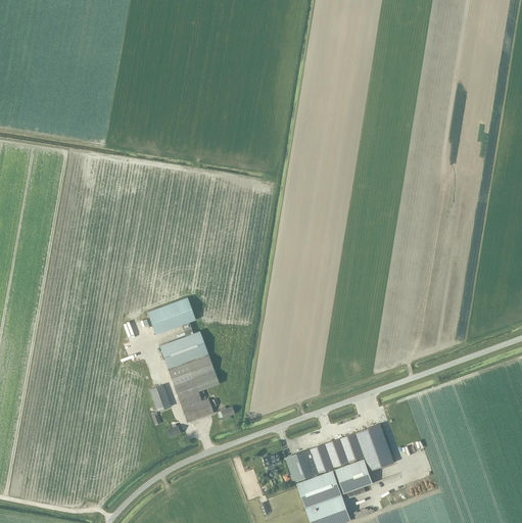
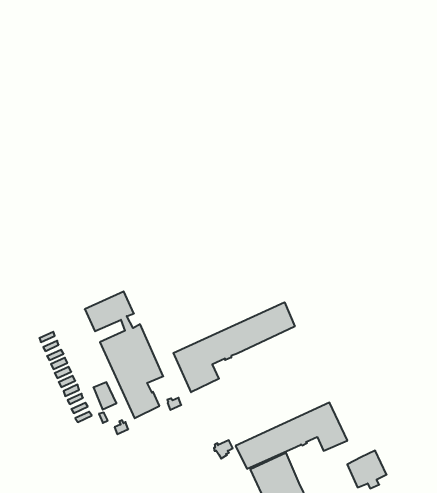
building: none -> [173,302,295,392]
building: [335,459,373,495] -> [347,451,387,488]

